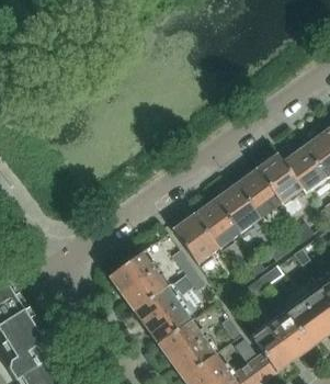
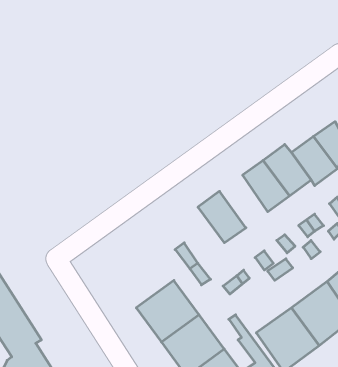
building: [214,184,260,235] -> none
building: [172,215,218,266] -> none
building: [113,250,170,312] -> none

